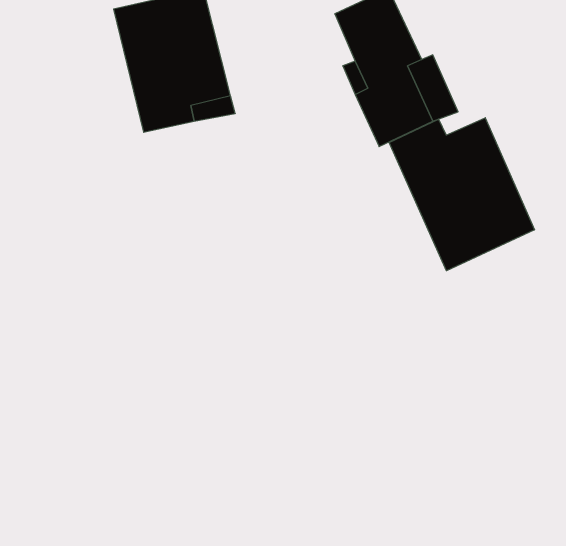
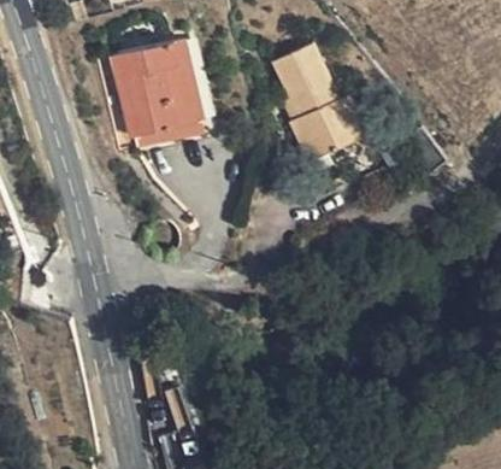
building: [389,118,534,271] -> none

